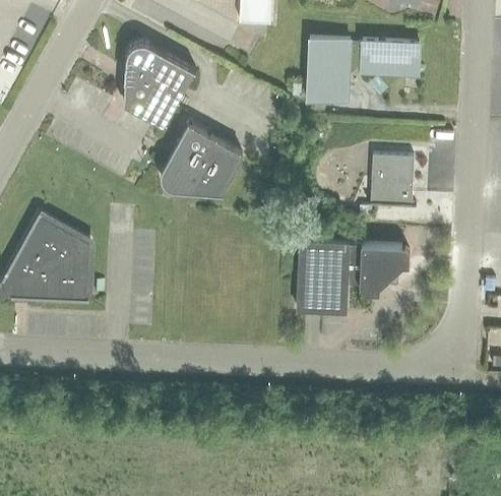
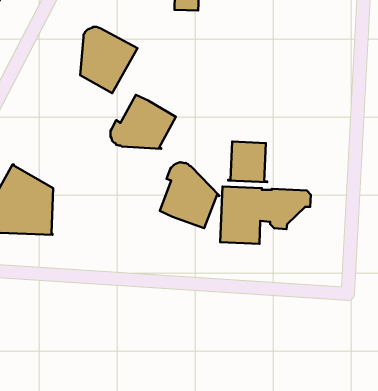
building: [307,39,420,101] -> none
building: [367,154,416,205] -> [228,141,267,182]
building: none -> [160,162,219,228]

